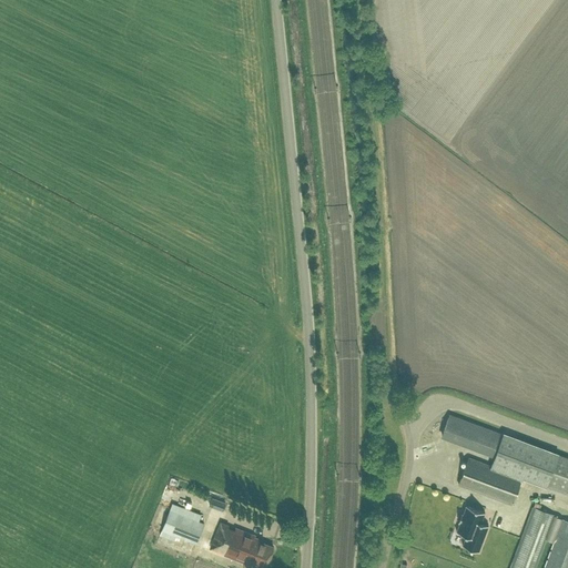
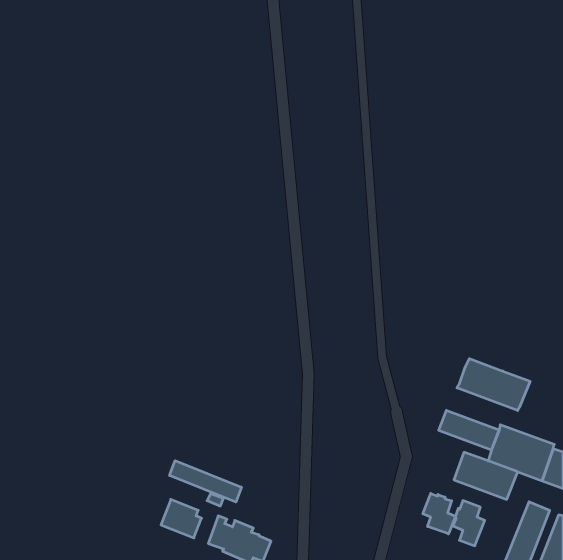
building: none -> [457,359,530,411]
building: none -> [170,461,241,502]
building: none -> [423,493,455,534]

